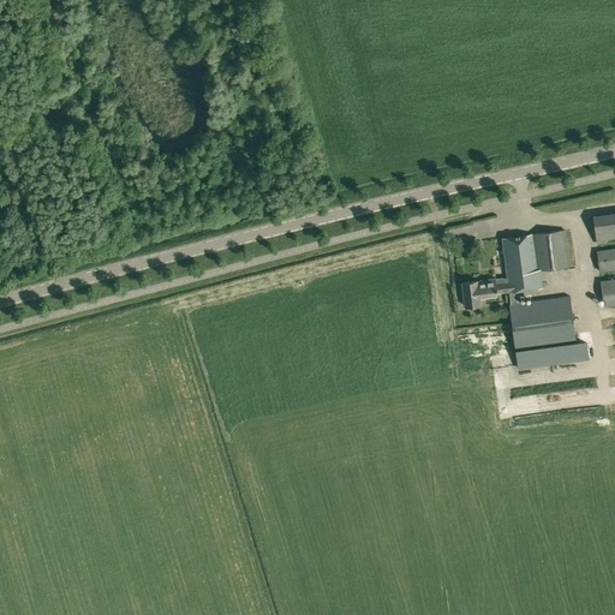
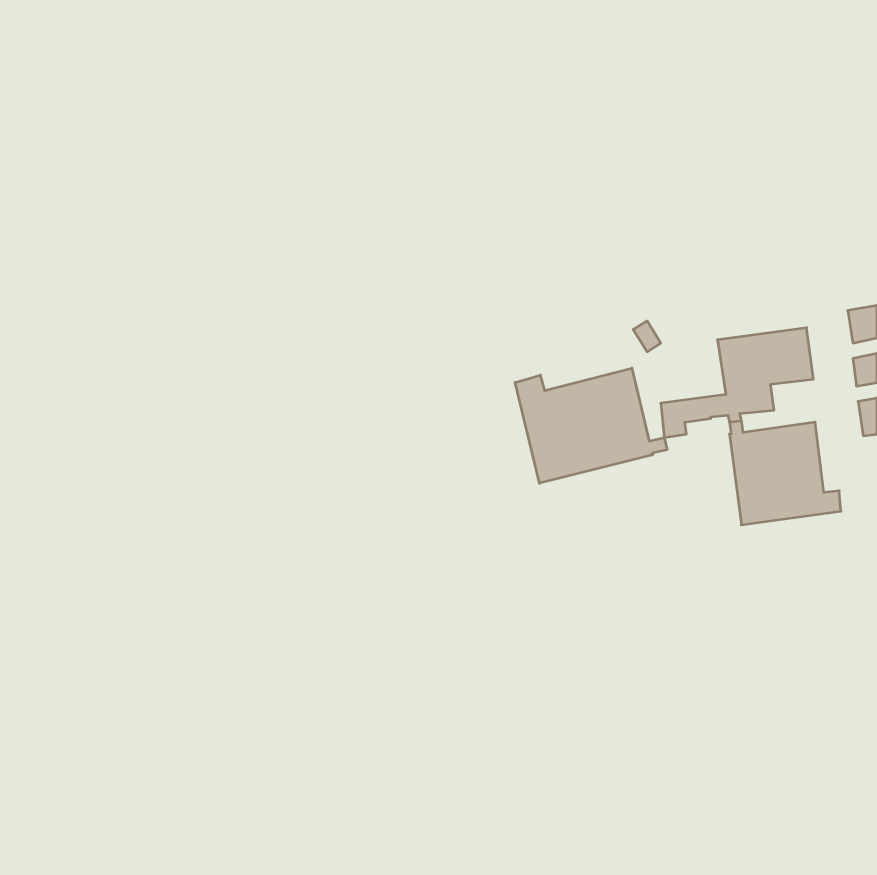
building: none -> [515,368,667,483]

